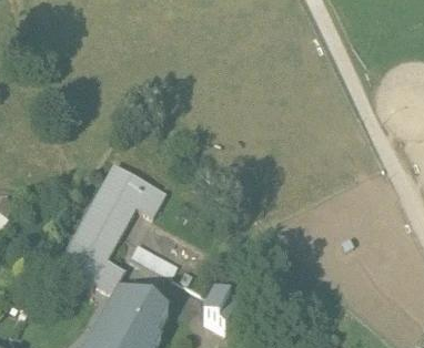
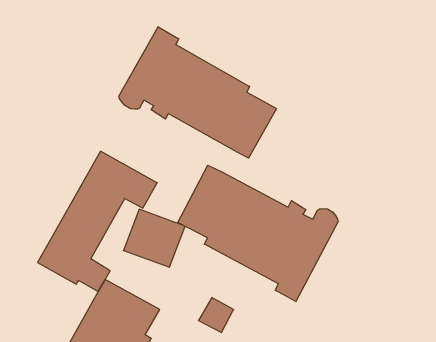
building: none -> [119,27,276,158]
building: none -> [178,165,338,302]

